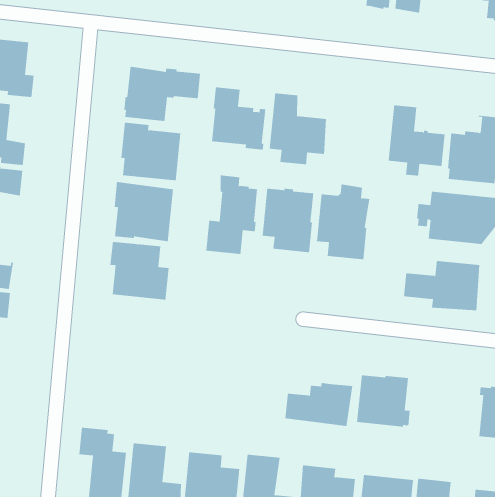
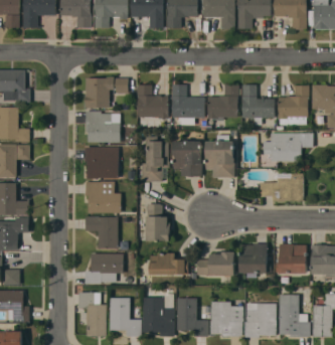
building: none -> [206,84,240,125]
building: none -> [146,203,170,241]
building: none -> [85,216,118,248]
building: none -> [85,252,124,285]
building: none -> [150,252,188,275]
building: none -> [276,243,307,273]

